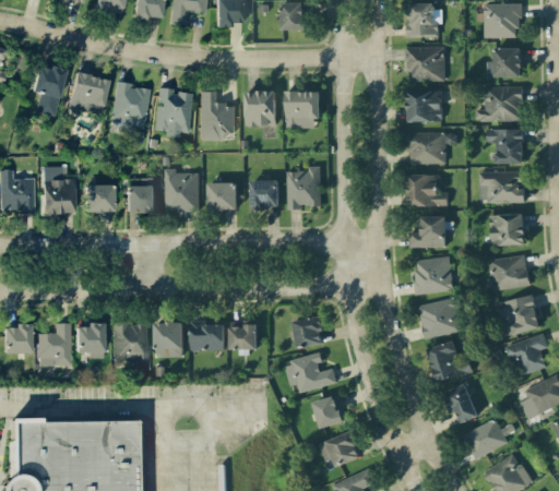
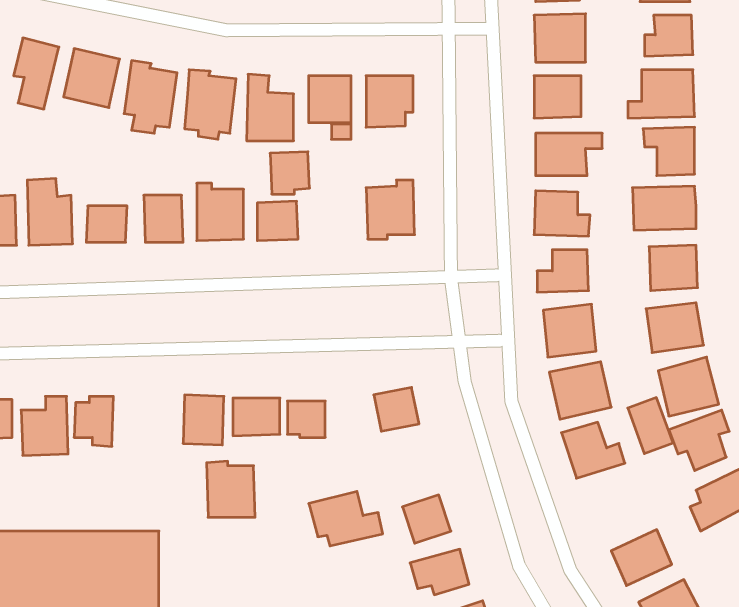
building: [250,180,278,211] -> [270,152,310,194]
building: [112,322,147,362] -> [207,461,255,517]
building: [283,354,336,393] -> [309,491,383,546]
building: [444,384,477,424] -> [628,398,673,454]

